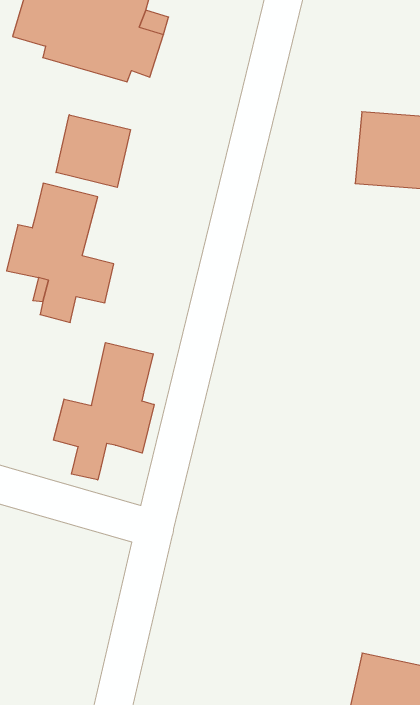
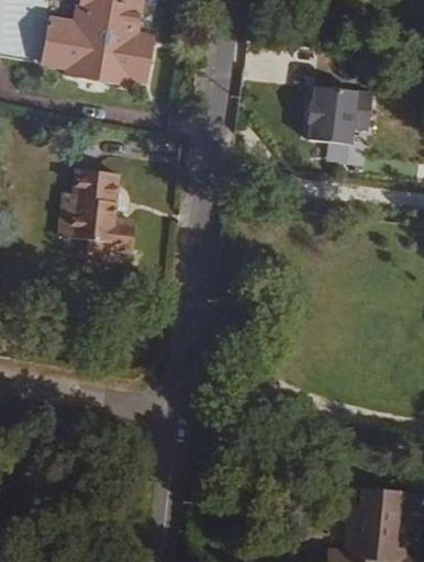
building: [56,115,130,187] -> none
building: [54,343,154,480] -> none

